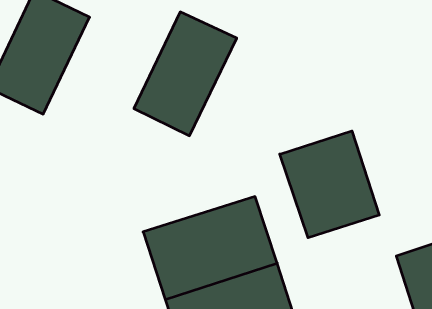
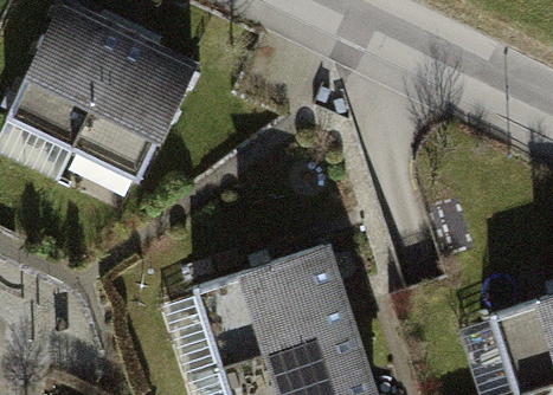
building: [134,12,237,136] -> [77,35,198,181]
building: [280,131,379,238] -> none

